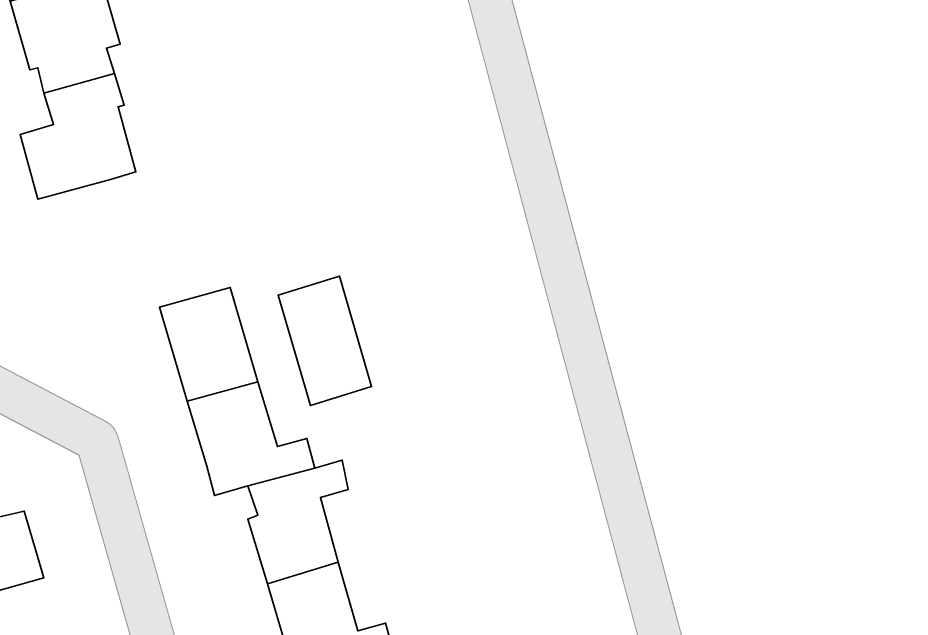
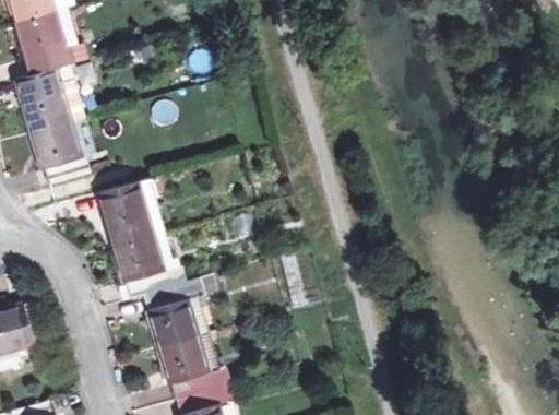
building: none -> [29,120,90,182]
building: [278,276,372,405] -> none

